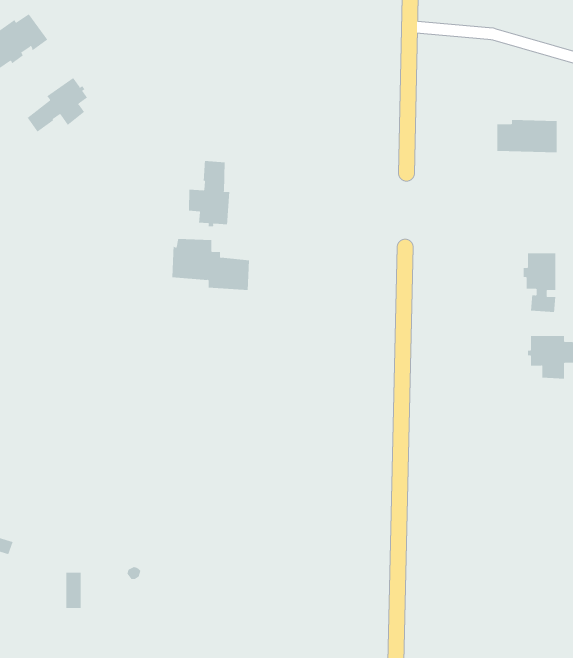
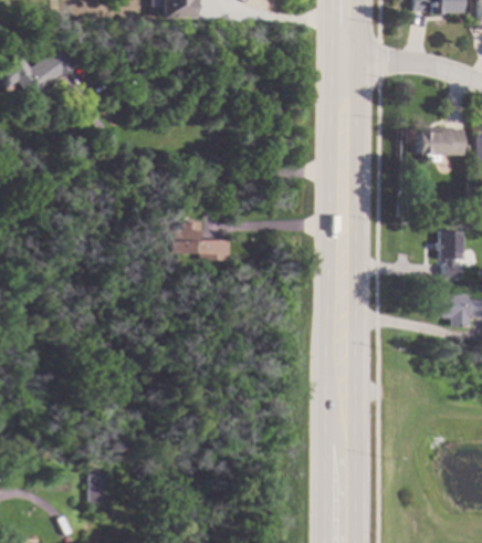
building: [27,77,88,132] -> none
building: [188,160,230,227] -> none

